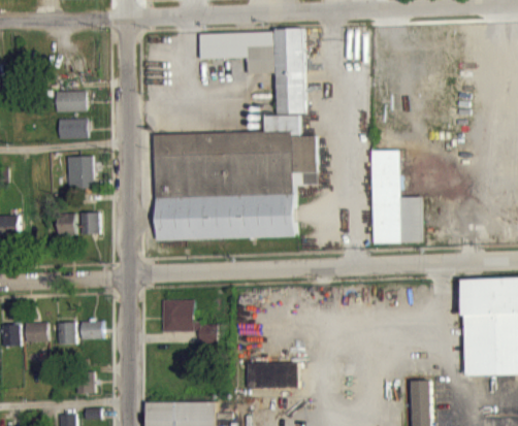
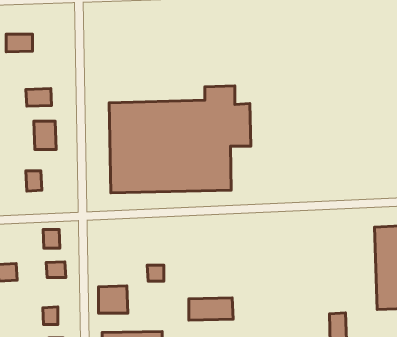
building: [199,30,305,113] -> none
building: [55,91,86,111] -> [6,34,33,52]
building: [371,150,424,243] -> none
building: [80,212,99,234] -> none
building: [161,299,195,331] -> [99,286,128,313]
building: [56,322,75,343] -> [43,230,60,248]

